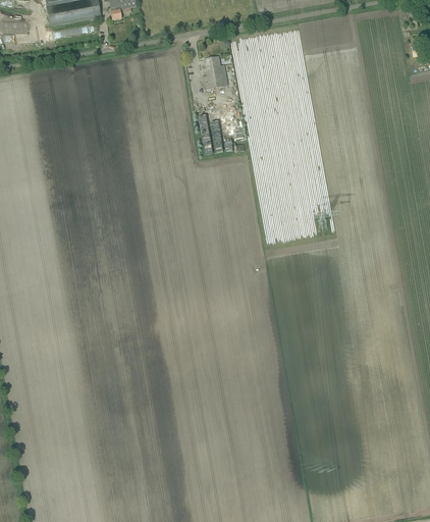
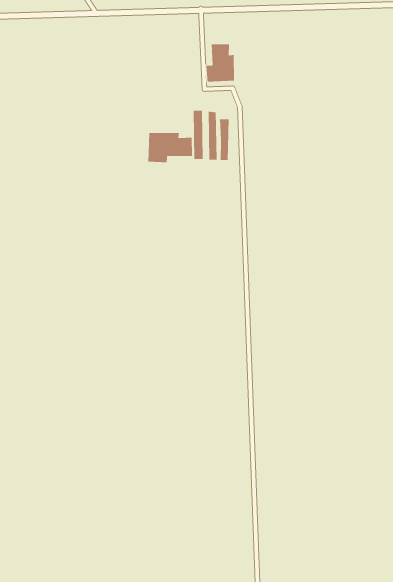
building: none -> [148,132,192,163]

